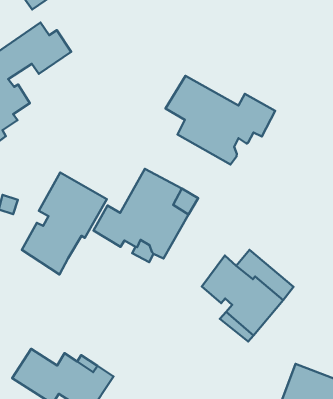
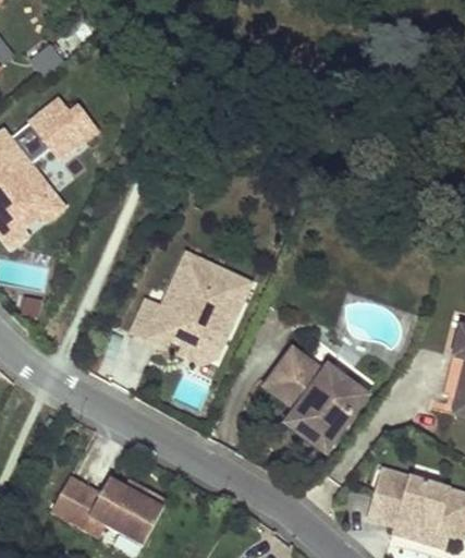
building: [166,76,275,164] -> none
building: [22,173,107,274] -> none

